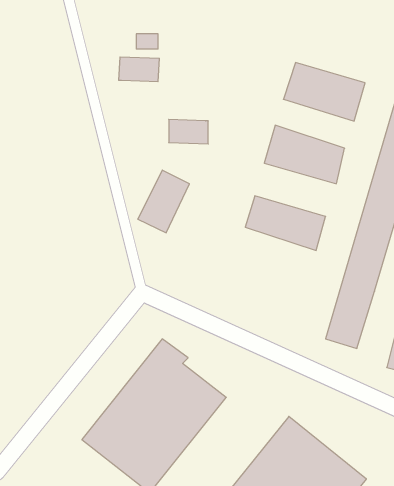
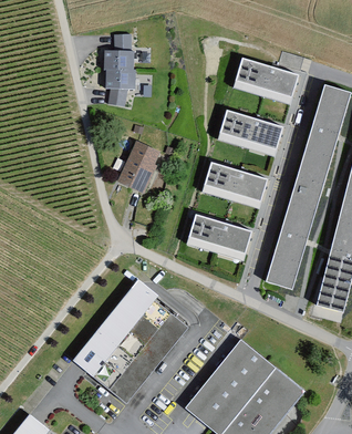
building: [169,119,208,144] -> [102,70,134,90]
building: none -> [188,214,252,259]

